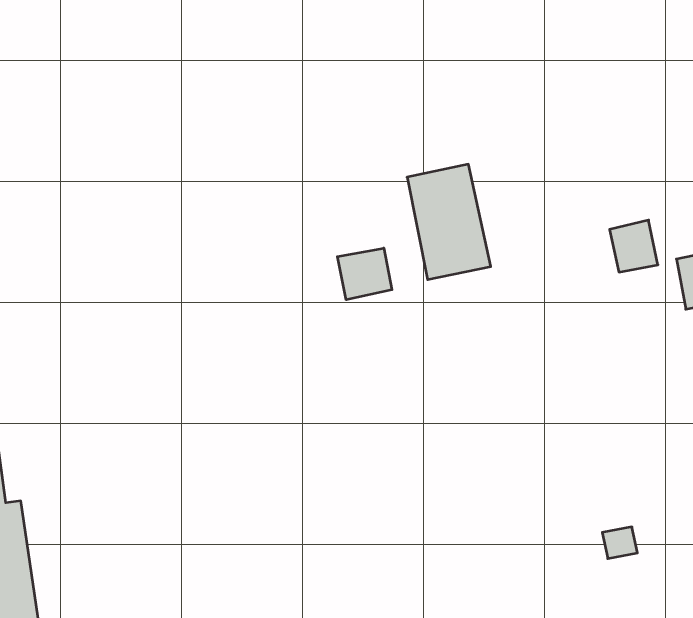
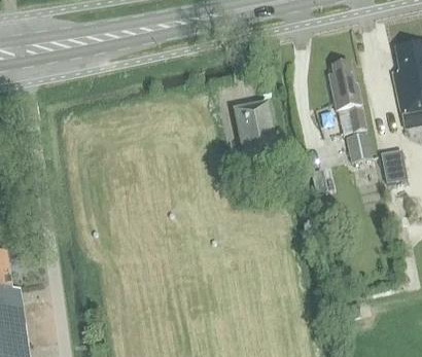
building: none -> [328,61,364,131]
building: [337,248,392,300] -> none

